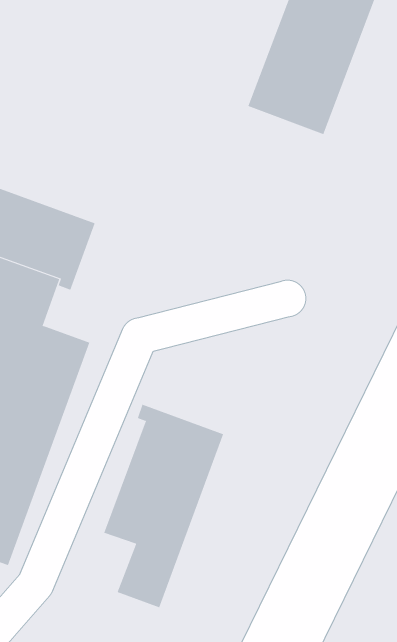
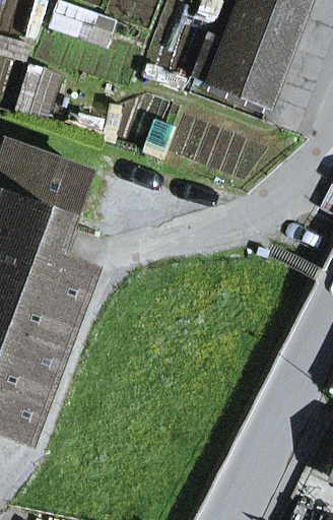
building: [103,404,224,608] -> none

